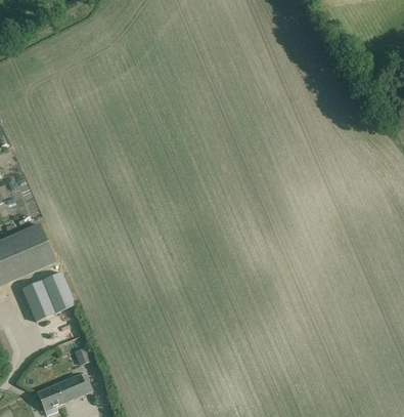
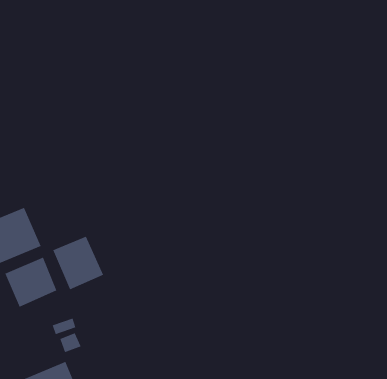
building: none -> [52,236,104,290]

